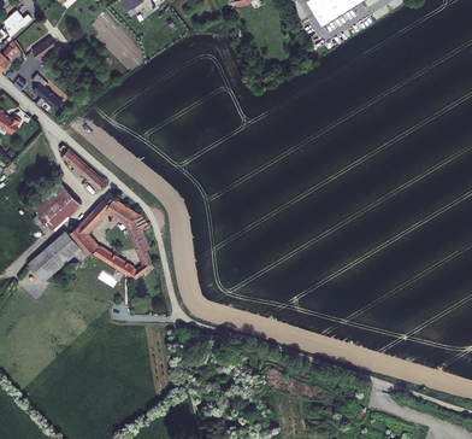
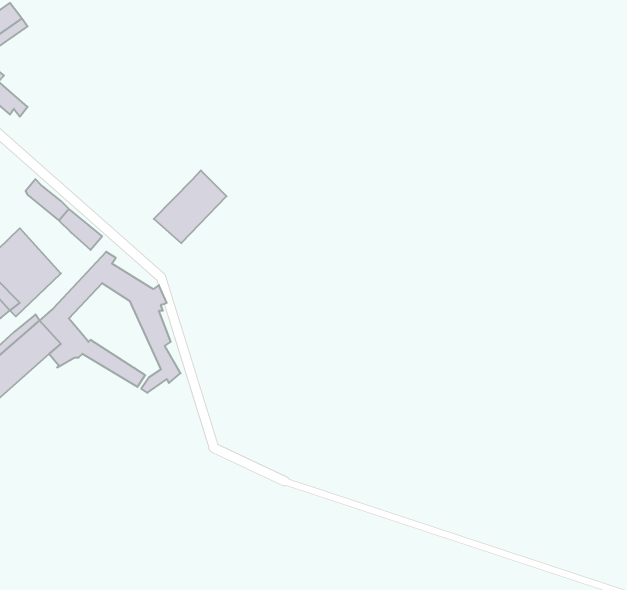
building: none -> [154,170,227,243]

